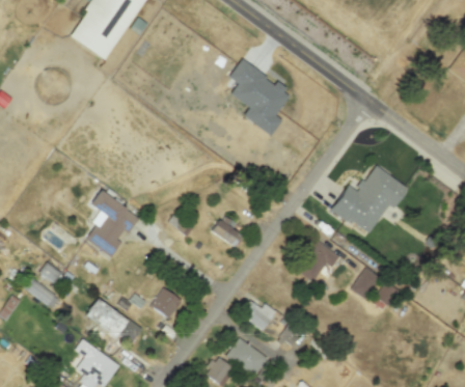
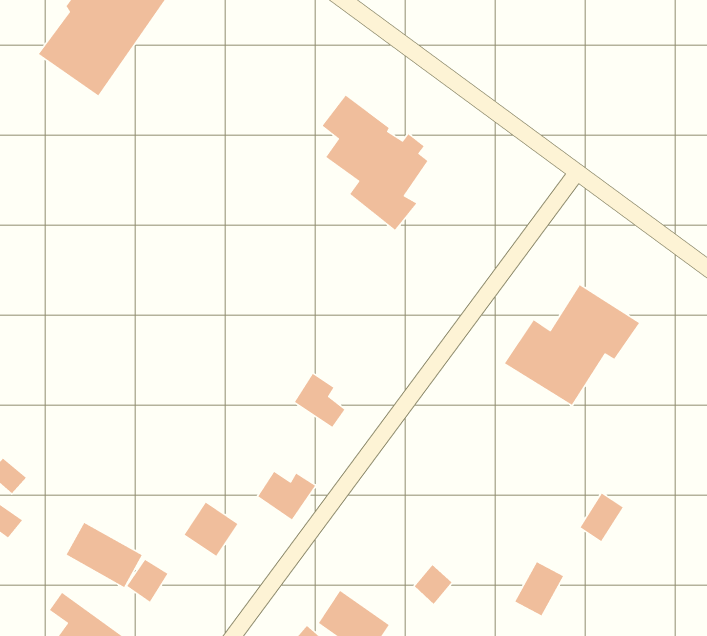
building: [87,191,138,255] -> none
building: [297,240,341,282] -> none
building: [352,268,380,299] -> [514,561,564,616]
building: [244,302,277,330] -> [257,471,316,521]

